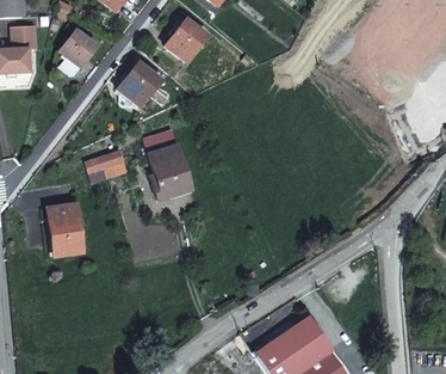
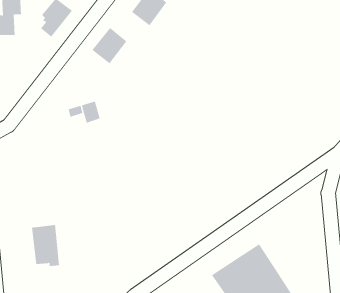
building: [141,131,186,201] -> none
building: [51,198,85,247] -> [31,224,60,266]

